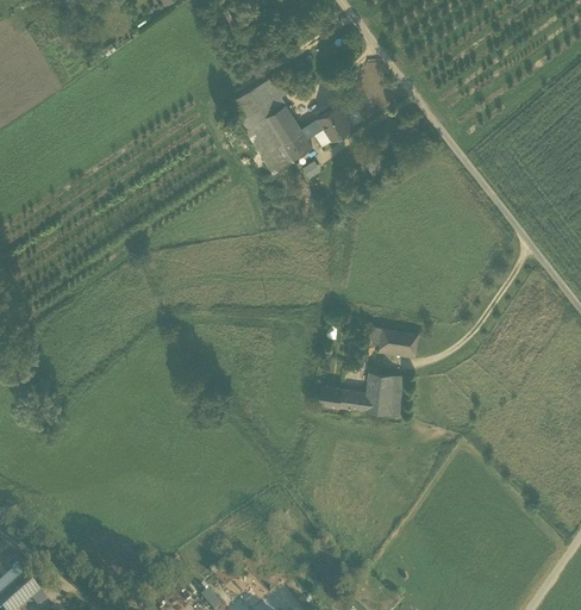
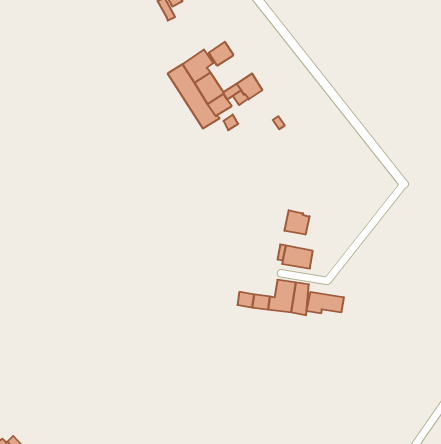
building: none -> [209,42,233,66]
building: none -> [285,210,309,235]
building: none -> [307,292,344,313]

